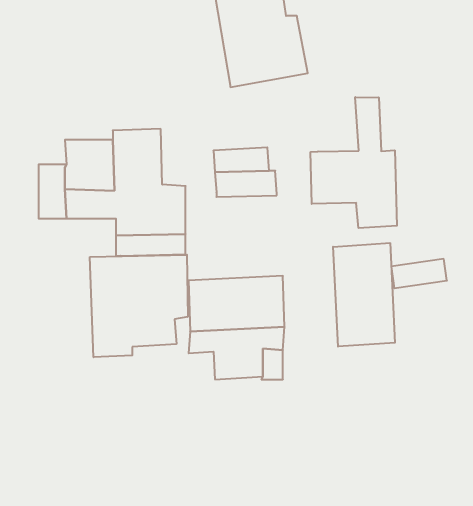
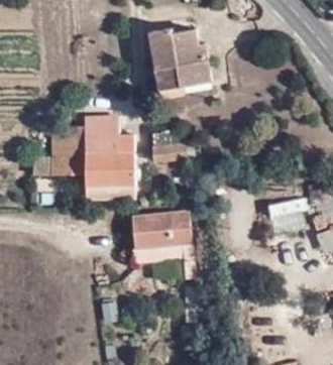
building: [311,97,397,228] -> none
building: [333,243,395,347] -> none
building: [90,255,188,357] -> none

